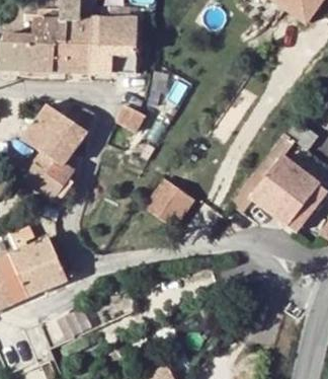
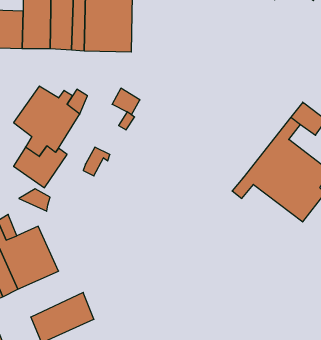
building: [147,178,194,225] -> none

